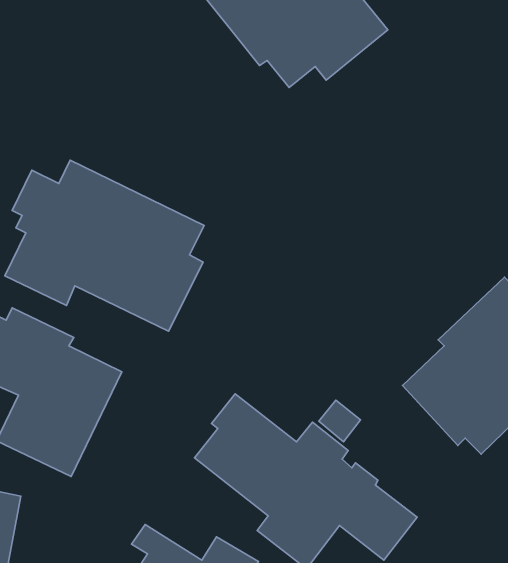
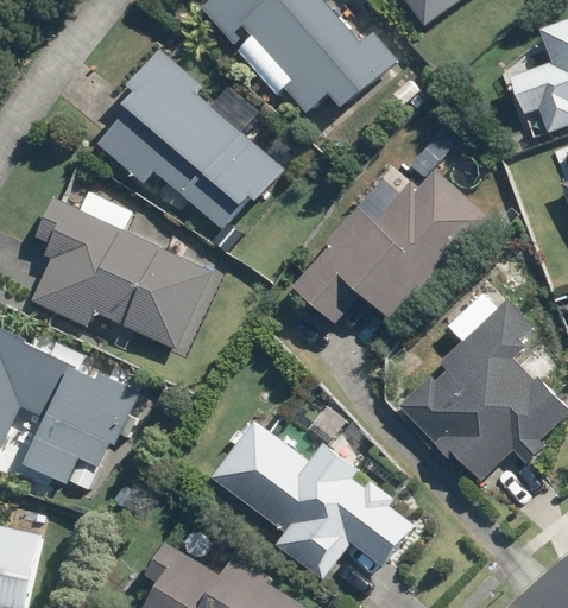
building: none -> [93,46,284,234]
building: none -> [288,127,484,327]

